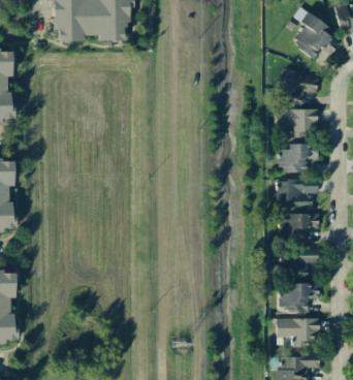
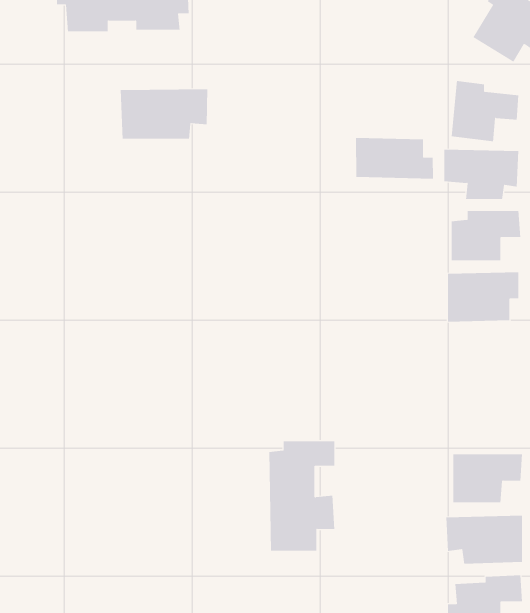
building: none -> [120,88,208,140]
building: none -> [356,137,434,179]
building: [281,214,319,277] -> [268,441,335,551]

